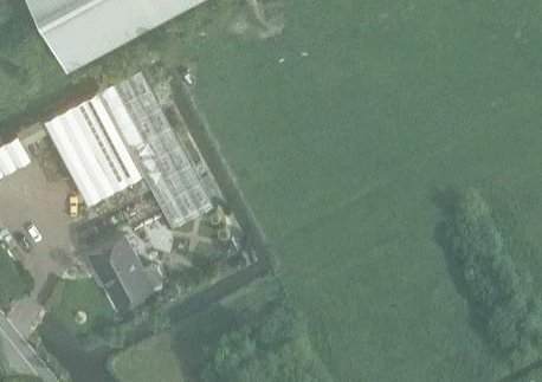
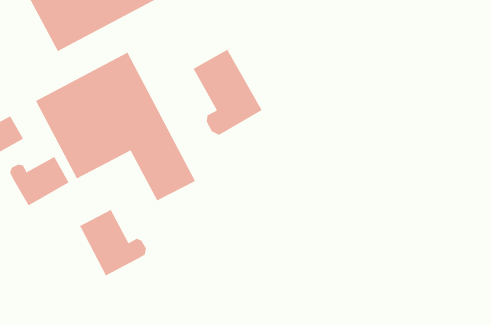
building: none -> [193,48,263,136]
building: none -> [9,156,70,206]

